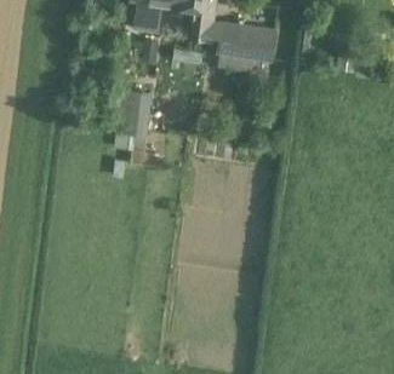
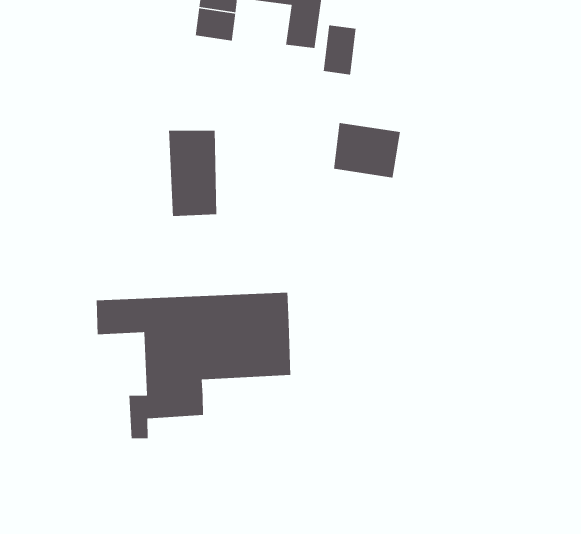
building: [234,25,278,62] -> [333,122,401,179]
building: none -> [96,292,291,439]

